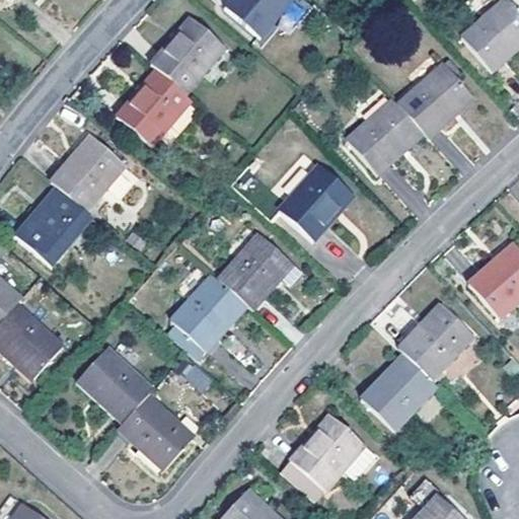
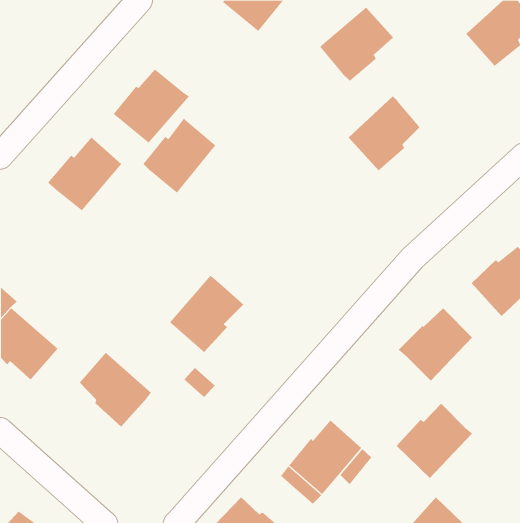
building: [151,17,224,92] -> [142,118,216,194]
building: [397,61,471,135] -> [319,7,394,82]
building: [280,164,351,239] -> none
building: [15,189,91,262] -> none
building: [219,233,290,308] -> none
building: [361,354,437,429] -> [396,403,473,479]
building: [120,394,193,468] -> none

